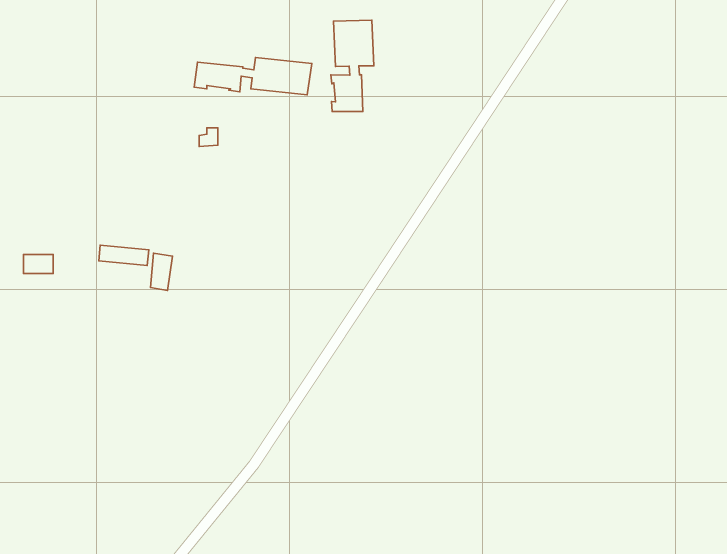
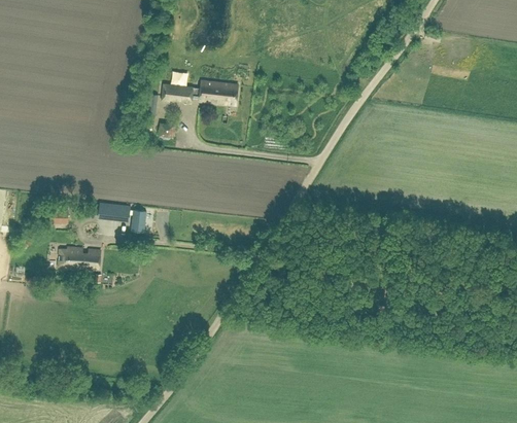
building: [331,20,374,112] -> none
building: none -> [57,246,100,269]

